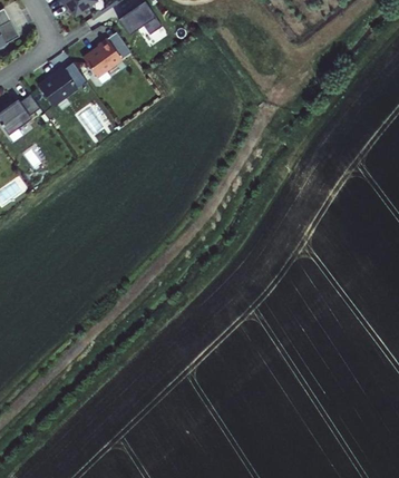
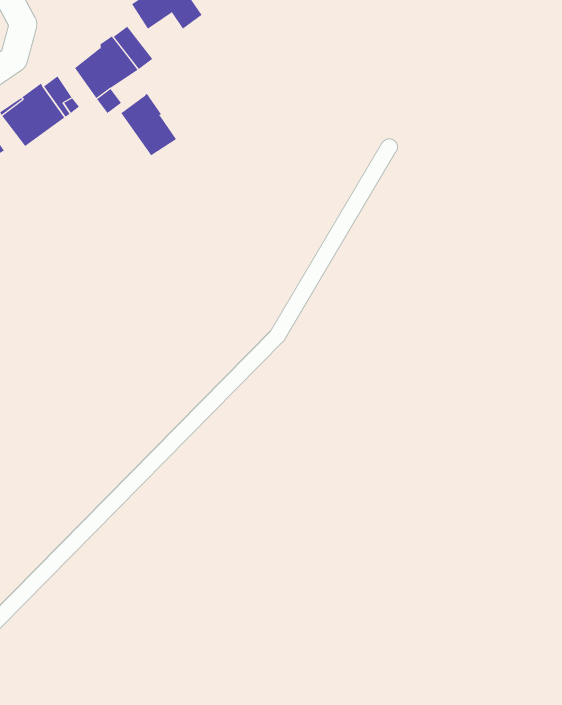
building: none -> [121,93,177,156]

